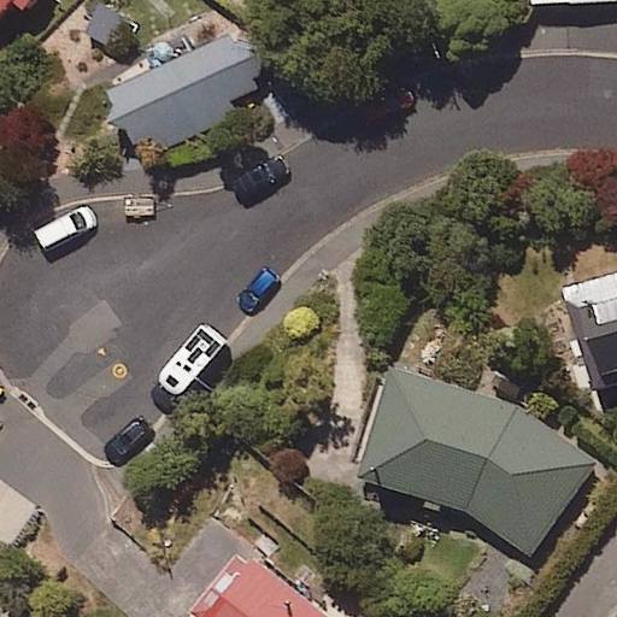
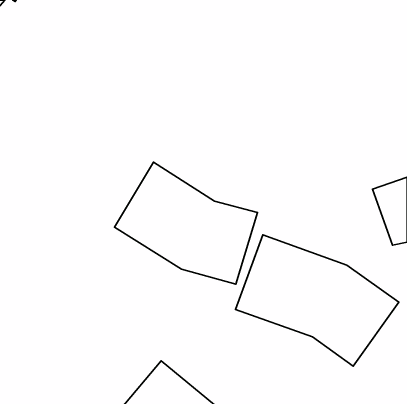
building: [107,19,284,160] -> none
building: none -> [115,162,258,284]

